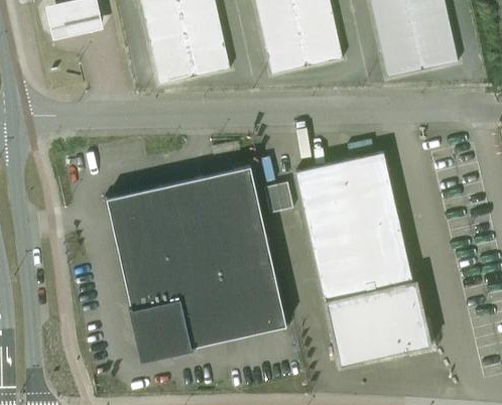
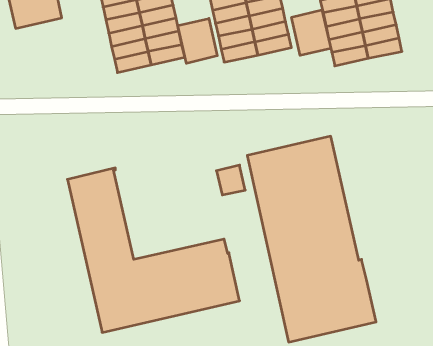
building: none -> [292,10,331,55]
building: none -> [178,18,217,63]
building: [155,165,271,280] -> none

